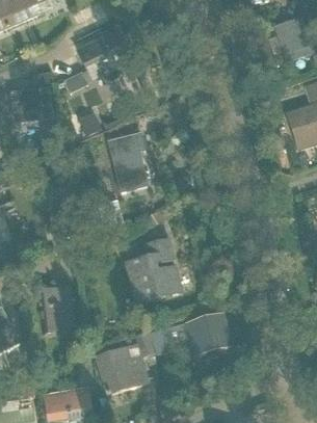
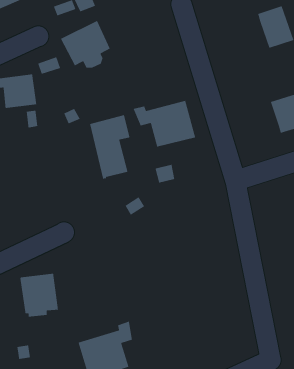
building: none -> [133,100,196,148]
building: [123,238,178,302] -> none
building: [167,313,231,354] -> none

